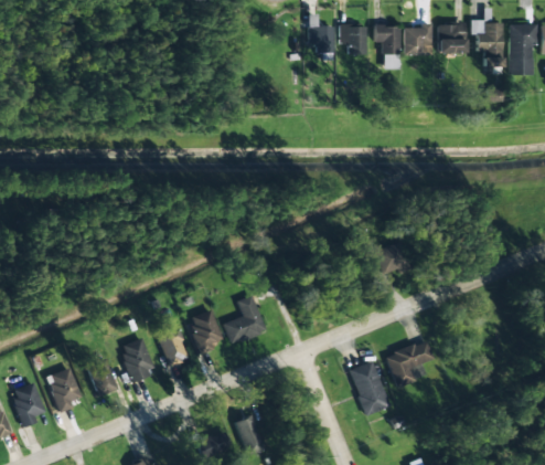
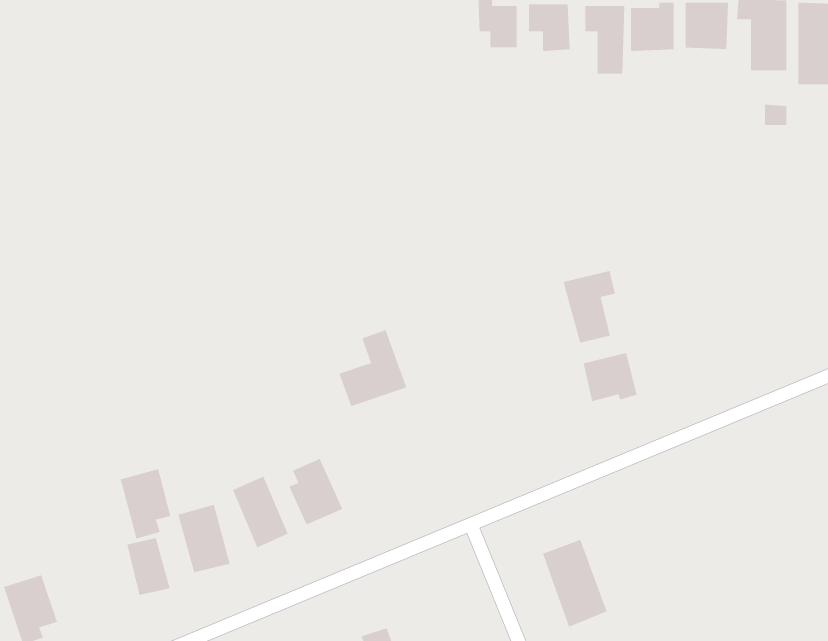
building: none -> [563,270,615,343]
building: [223,296,266,345] -> [338,329,407,407]
building: [385,341,434,387] -> none
building: [47,369,79,413] -> [120,469,171,539]

